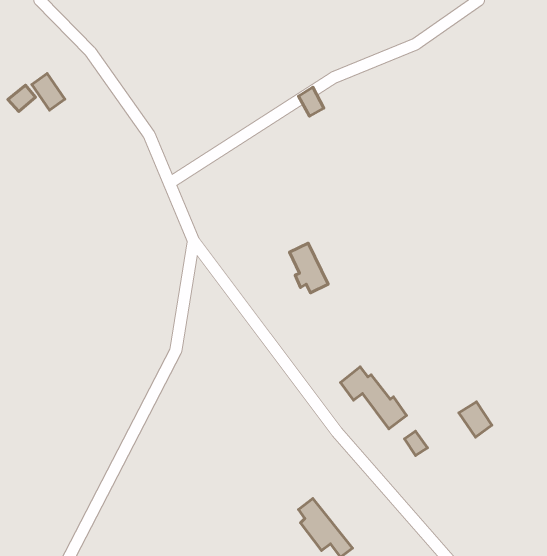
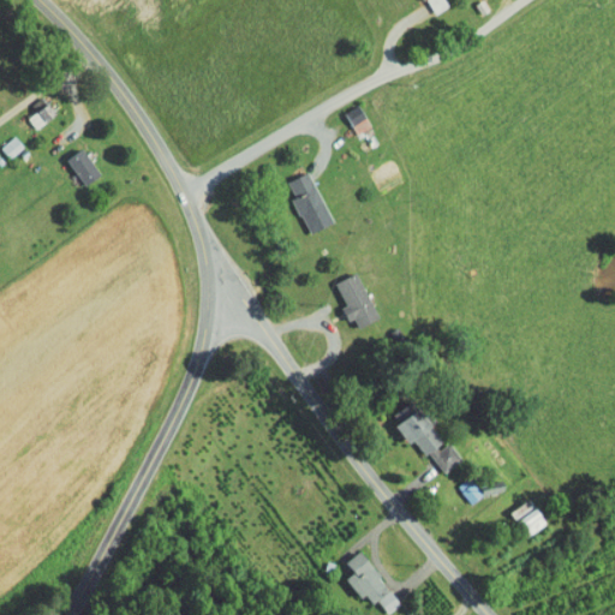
building: [32,74,65,110] -> [65,148,101,187]
building: none -> [286,172,330,234]
building: [459,402,492,437] -> [510,500,547,538]

